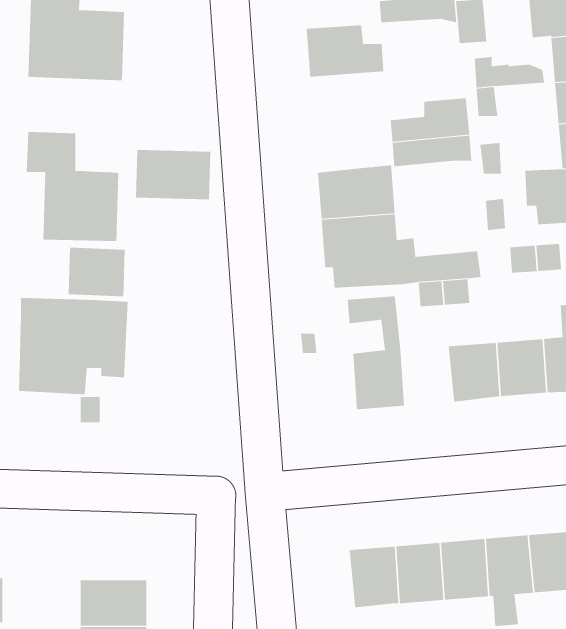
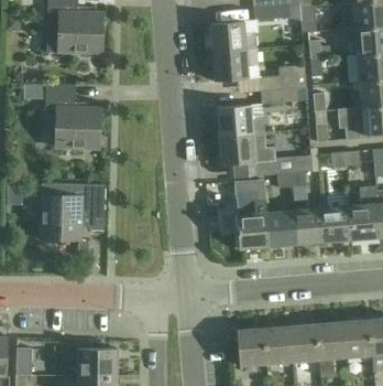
building: none -> [212,50,259,82]
building: [135,149,211,200] -> none
building: [68,247,125,297] -> none
building: none -> [266,212,297,247]

